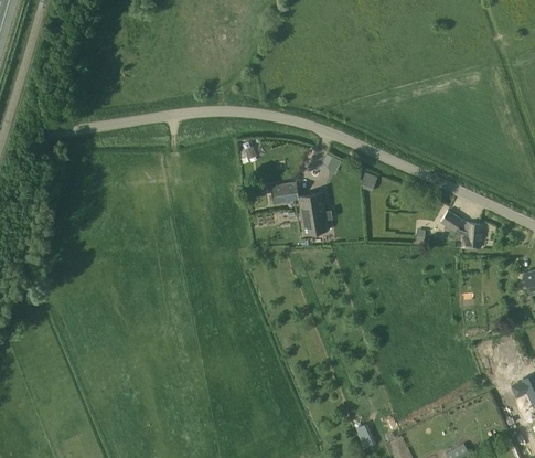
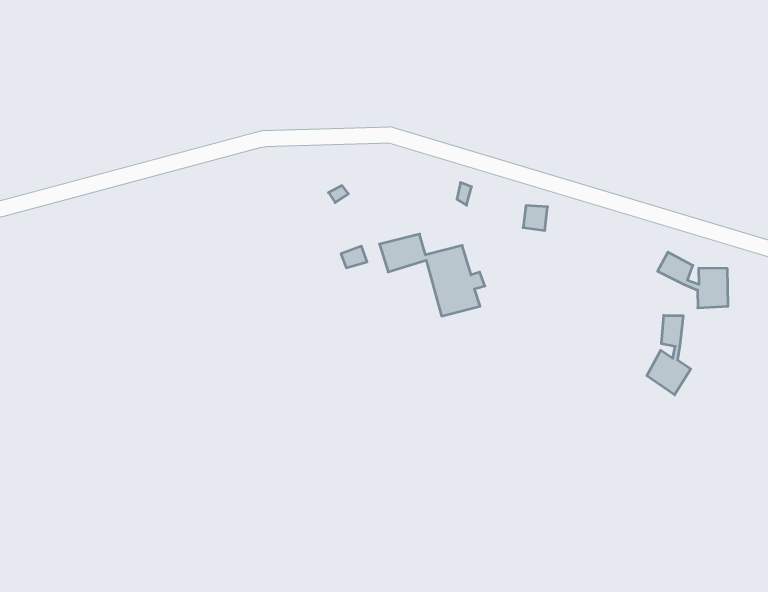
building: none -> [647,315,691,395]

